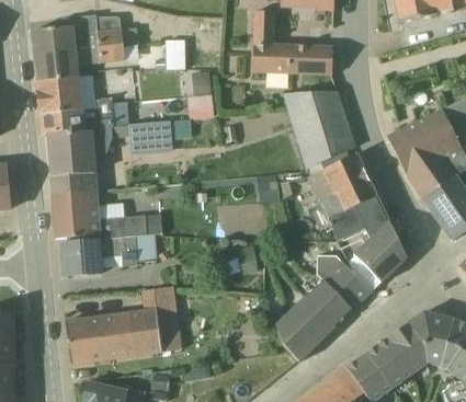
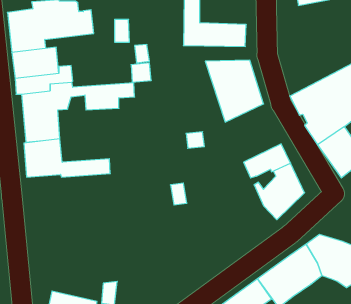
building: [306,152,375,228] -> none
building: [61,234,156,275] -> none
building: [274,254,370,358] -> none
building: [65,286,181,363] -> none

